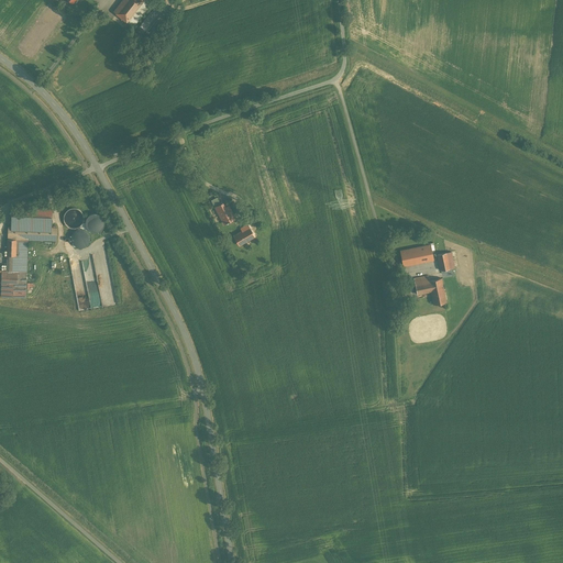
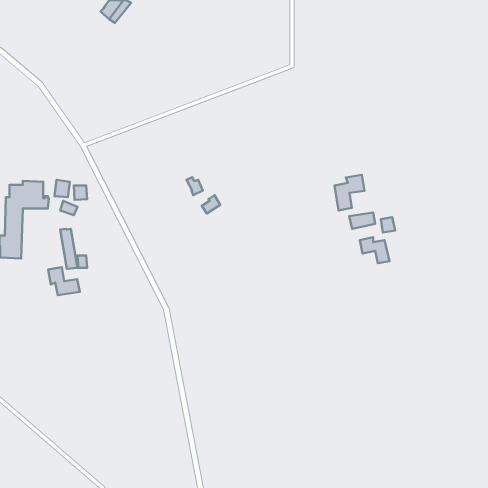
building: none -> [335,175,364,211]
building: none -> [48,267,80,295]

